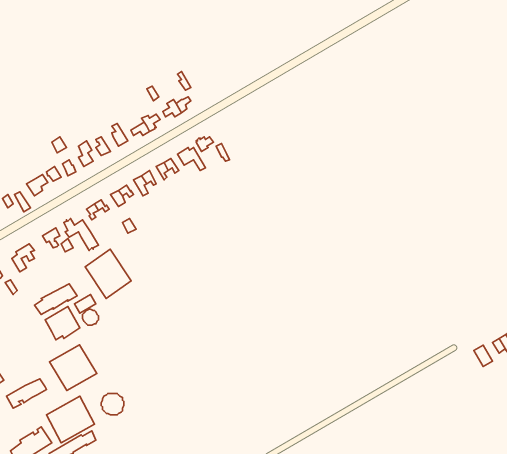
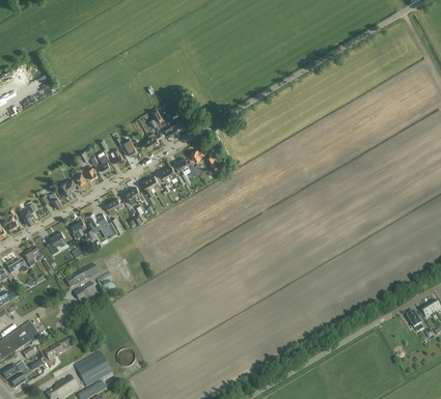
building: [85,249,131,298] -> none
building: [50,345,97,391] -> none

